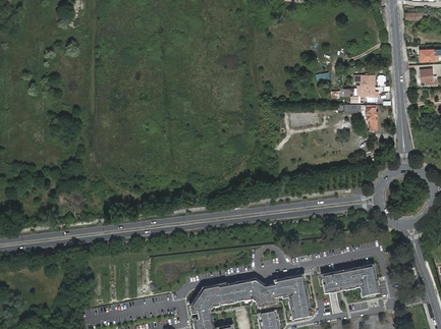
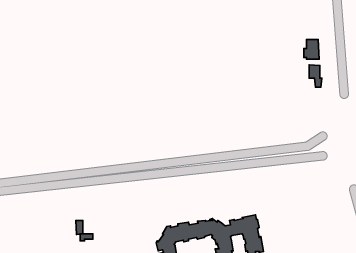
building: [321,265,380,296] -> none

